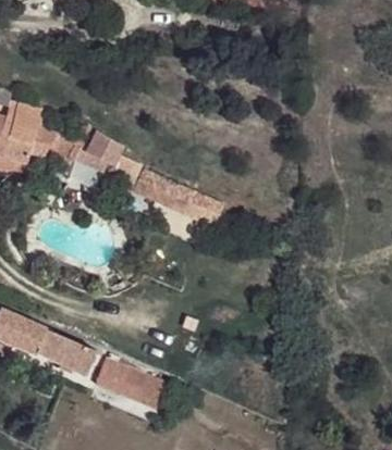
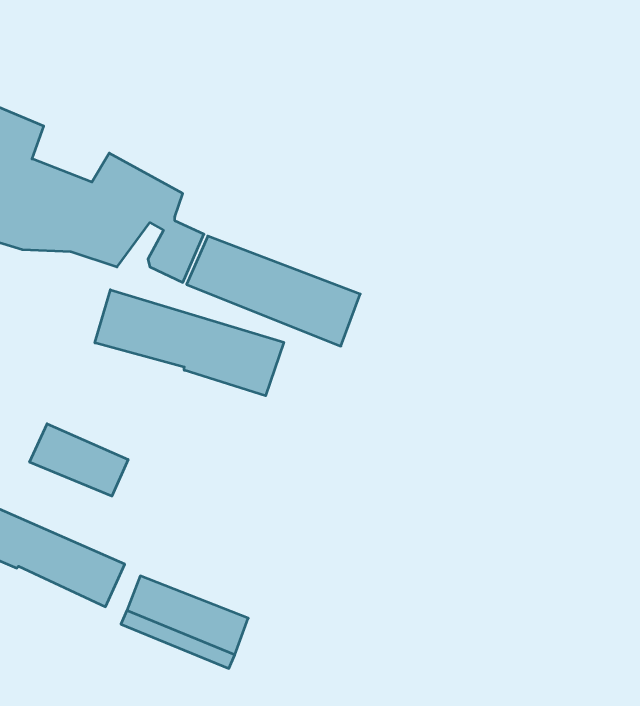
building: none -> [95,290,284,396]
building: none -> [30,424,128,496]

